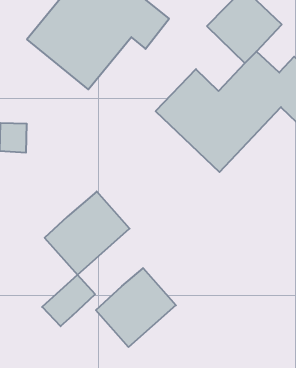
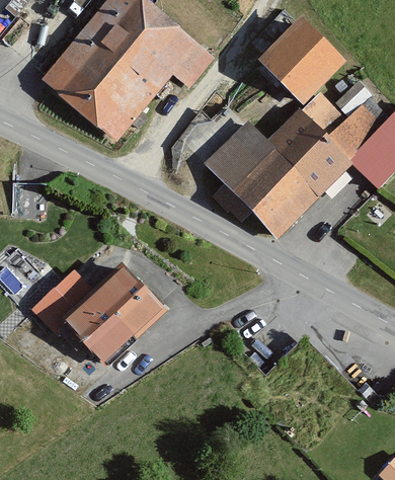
building: [96,268,176,347] -> none
building: [42,275,95,326] -> [27,269,91,331]

